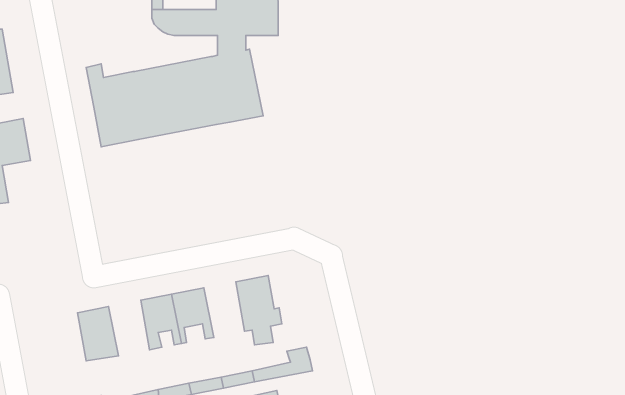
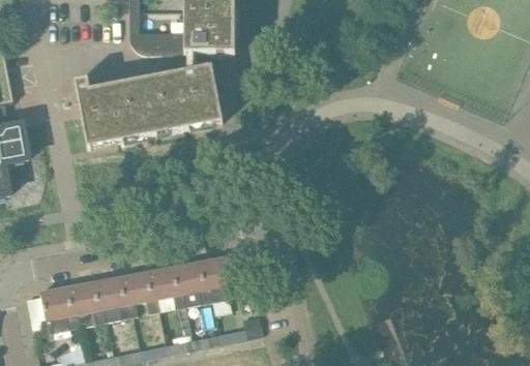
building: none -> [173,261,207,307]
building: none -> [93,276,127,323]
building: none -> [39,286,75,333]

